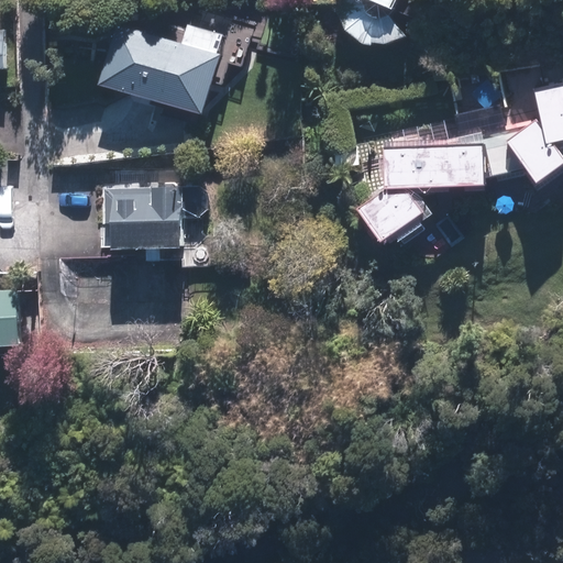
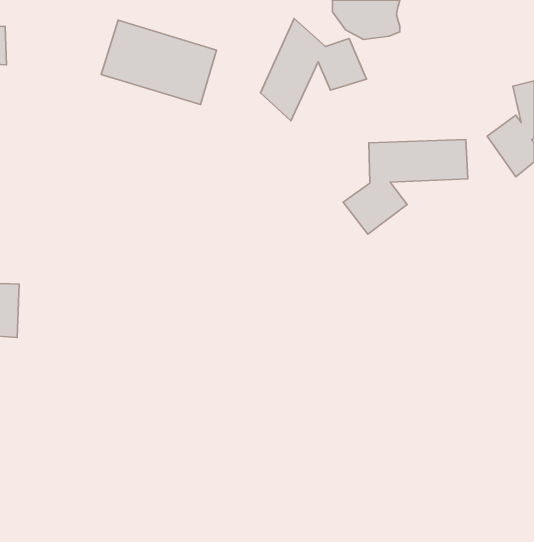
building: none -> [260,19,367,121]
building: [96,188,201,244] -> none

